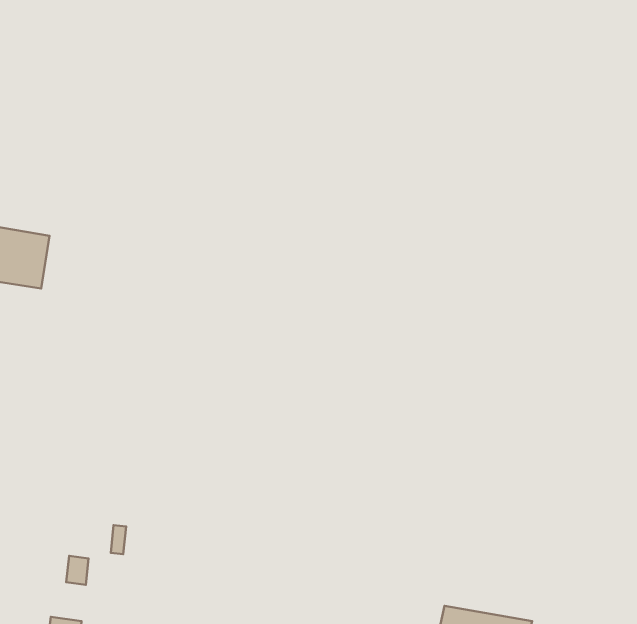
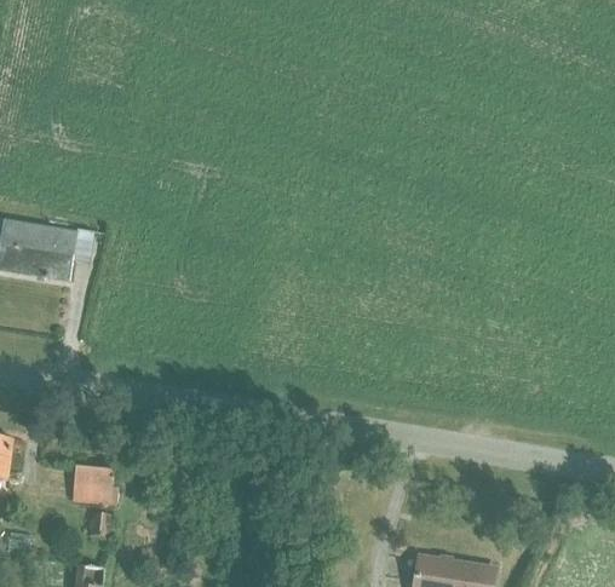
building: none -> [71,466,117,505]

